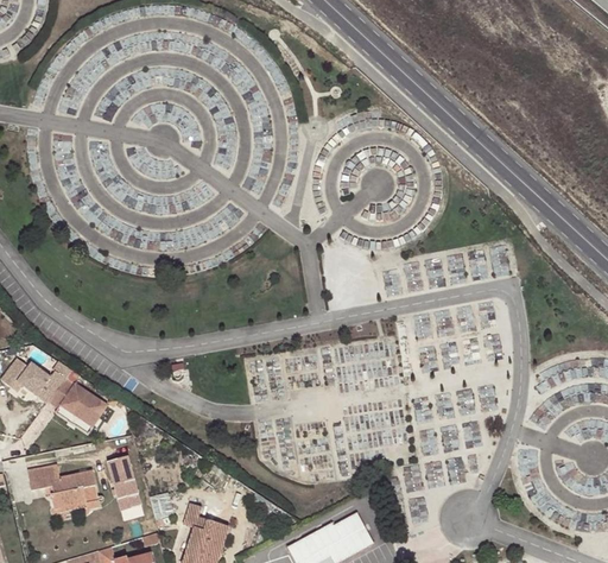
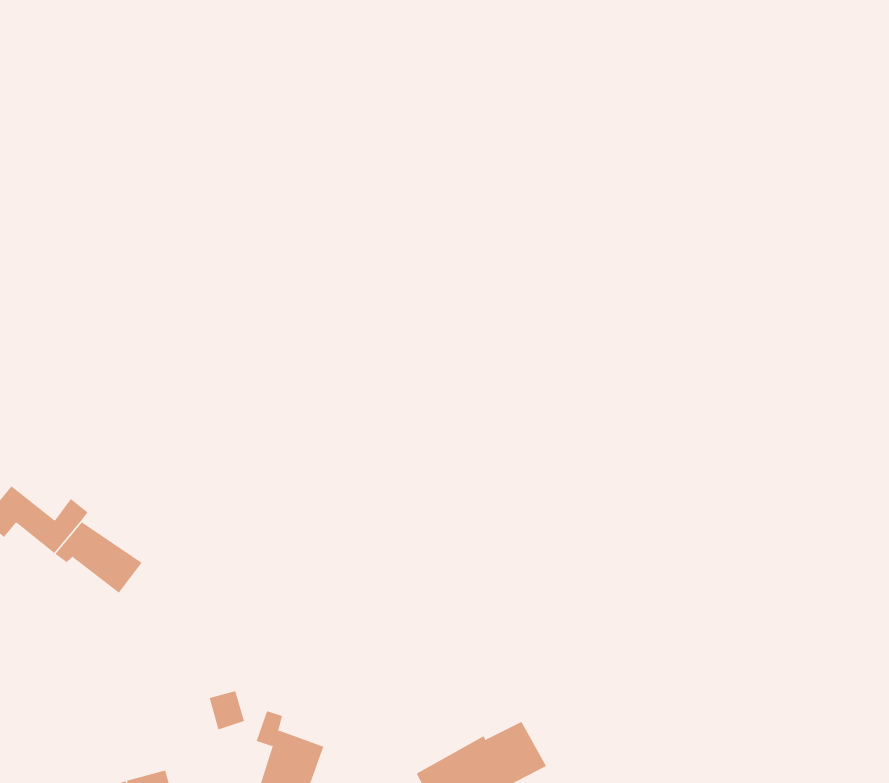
building: [107,457,140,512] -> none
building: [26,467,99,512] -> none

